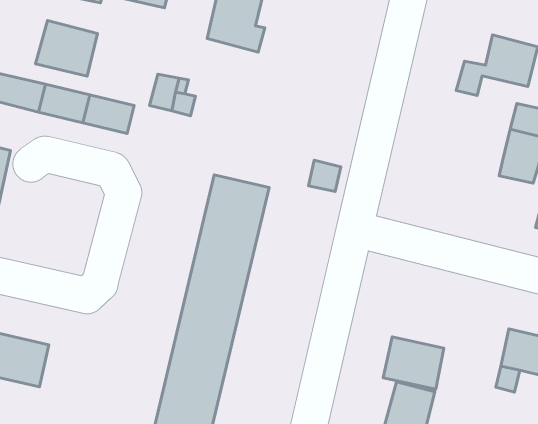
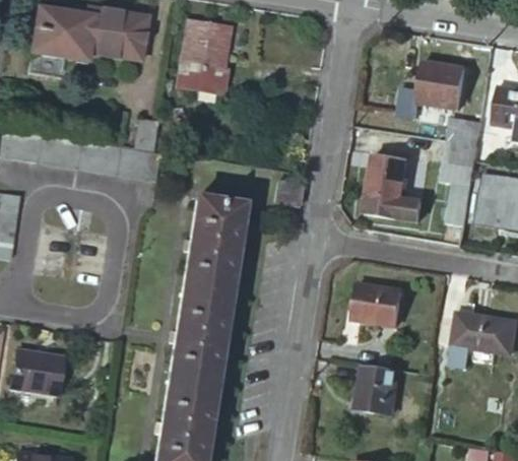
building: [36,21,97,76] -> none
building: none -> [119,146,161,177]
building: none -> [364,155,422,224]
building: [383,337,444,389] -> [354,283,404,325]

